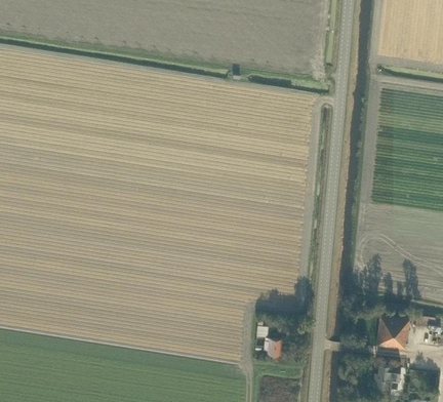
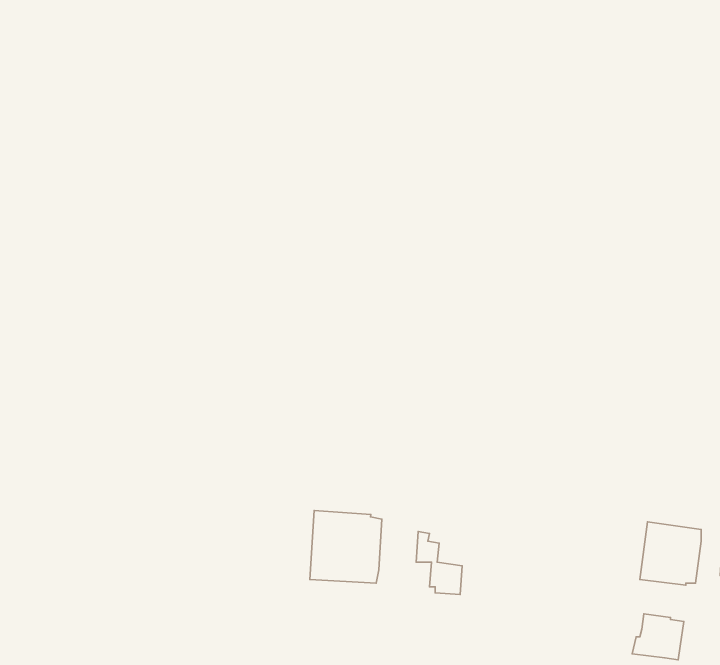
building: none -> [310,510,382,583]

